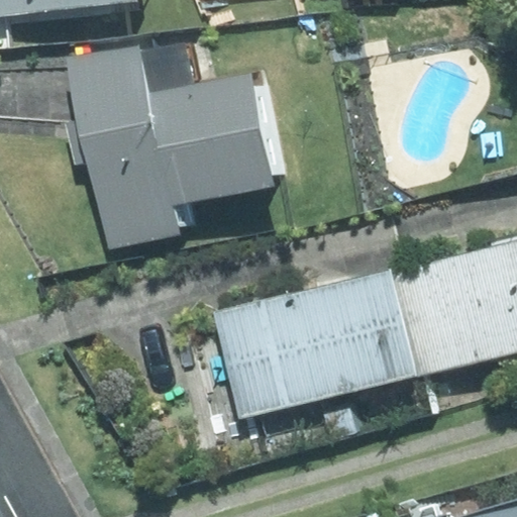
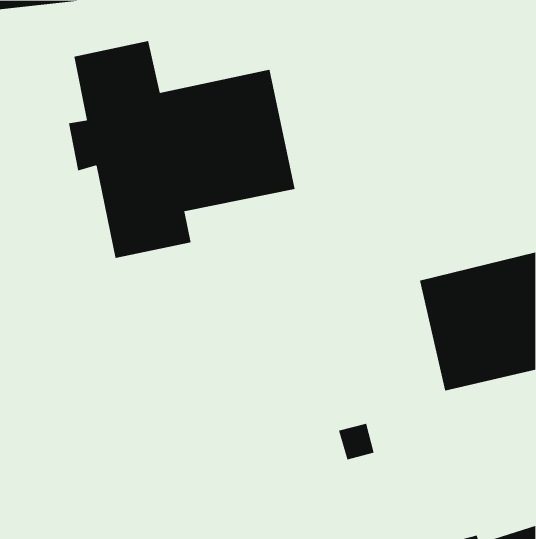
building: [214,271,422,419] -> none

